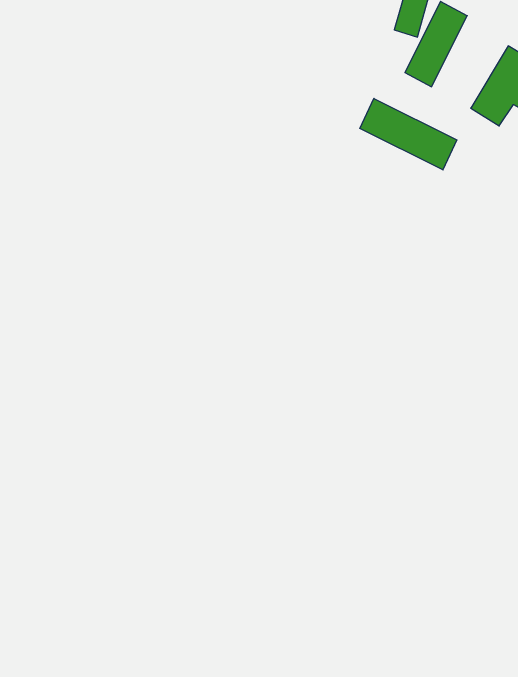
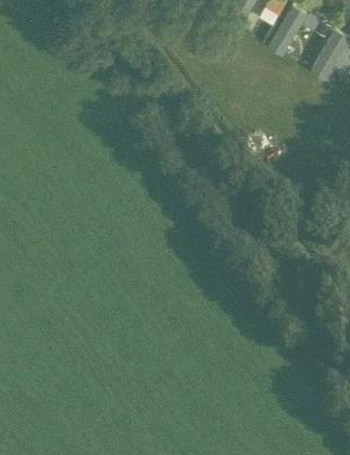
building: [360,98,457,170] -> none

